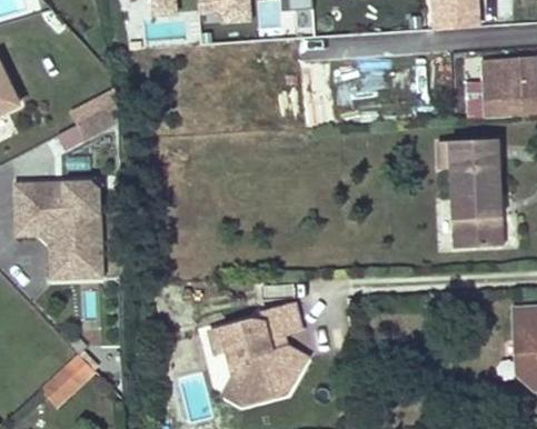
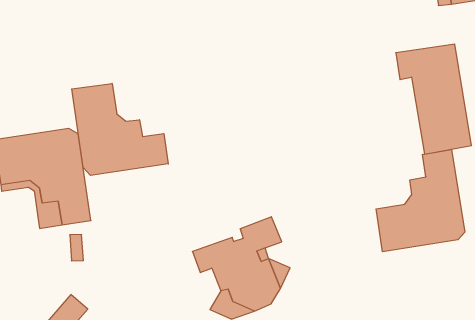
building: none -> [72,83,168,175]
building: none -> [376,150,465,252]

